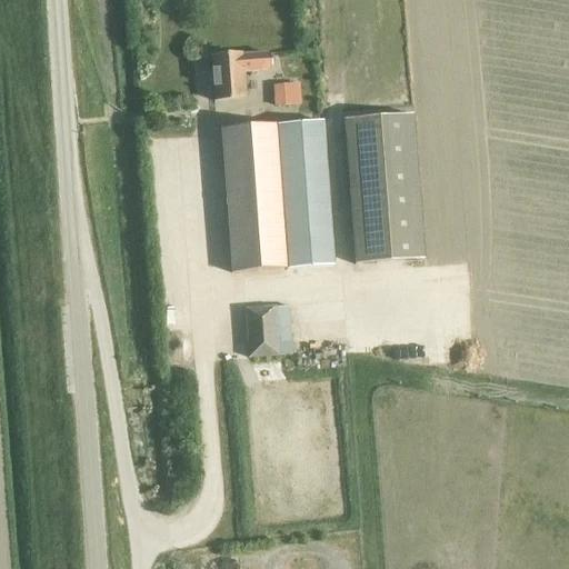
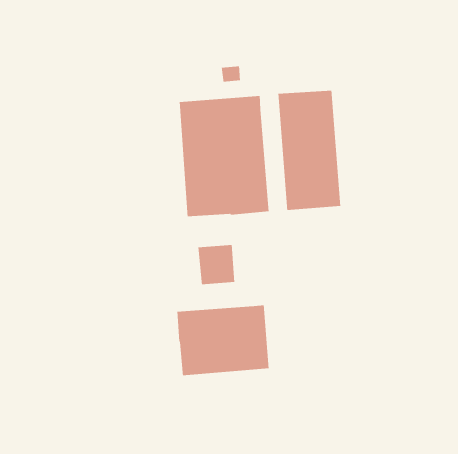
building: [211,50,270,97] -> none
building: none -> [176,304,269,376]

